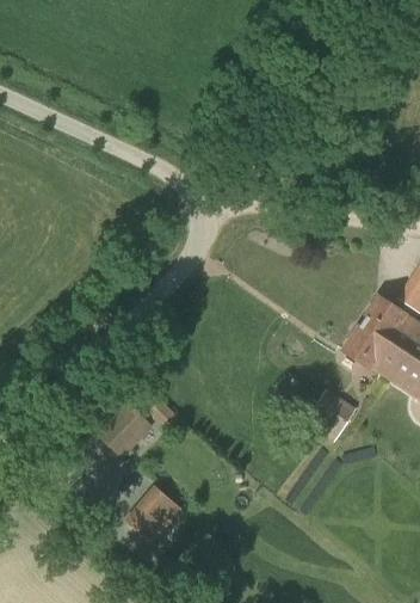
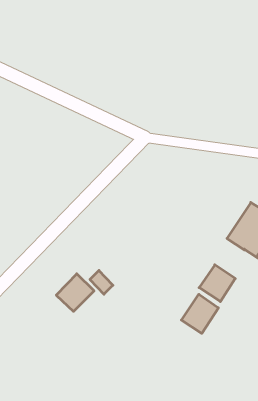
building: none -> [181,294,218,333]
building: [123,484,181,543] -> none

